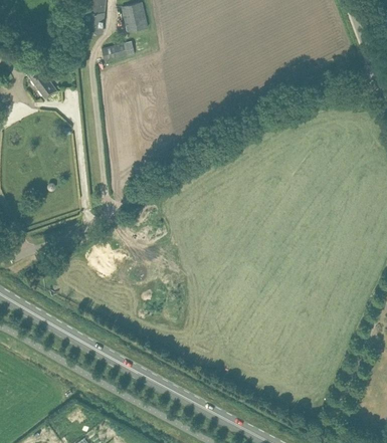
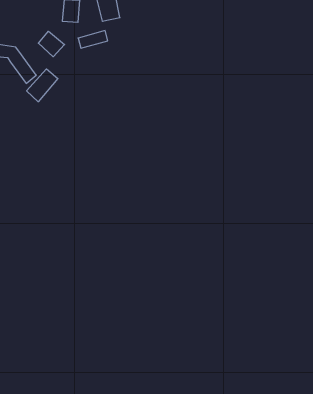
building: none -> [38,31,65,57]
building: none -> [27,69,58,102]

